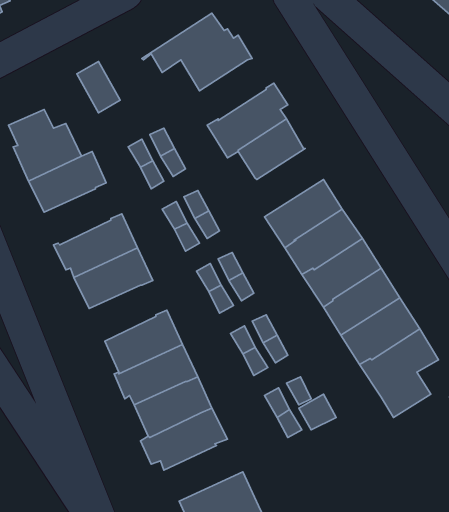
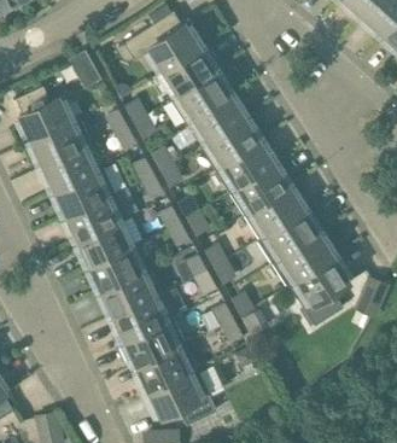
building: none -> [163,43,217,95]
building: none -> [199,115,259,170]
building: none -> [42,148,94,192]
building: none -> [77,223,129,267]
building: none -> [135,343,197,391]

